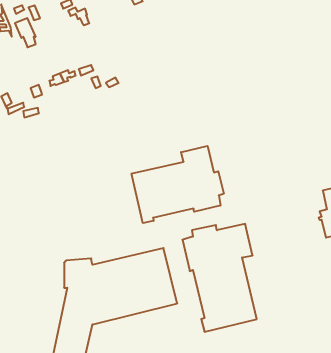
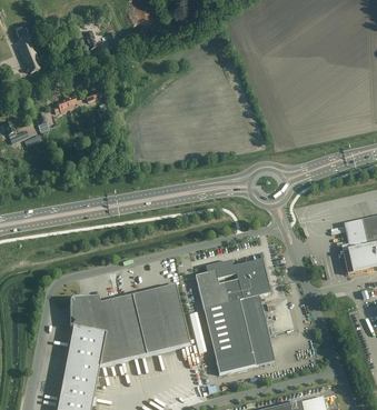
building: [132,146,224,223] -> none

